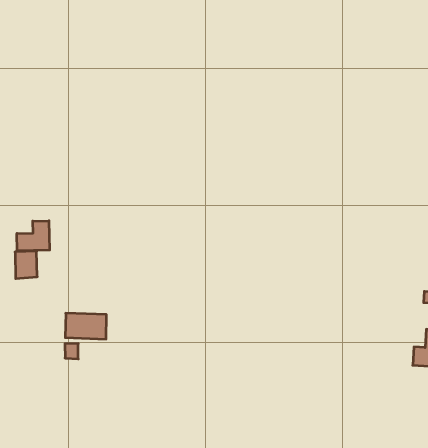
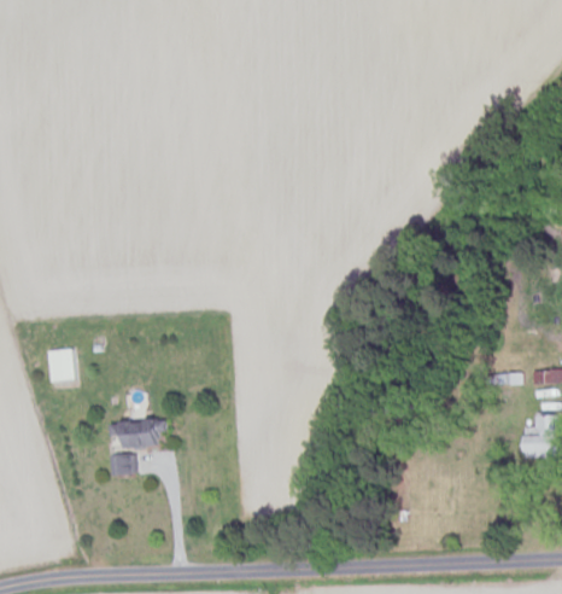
building: [17,221,50,251] -> none

